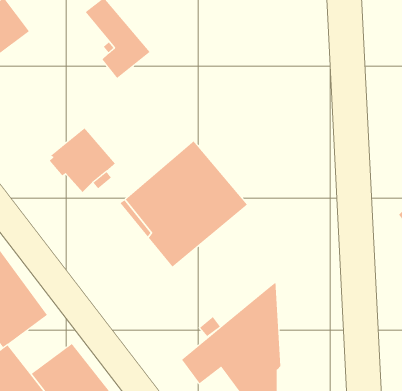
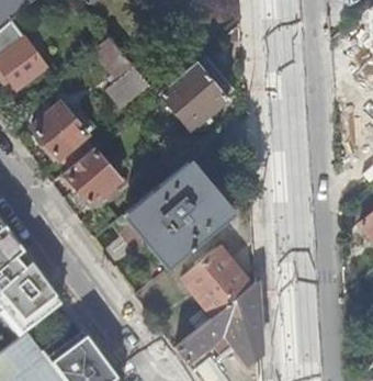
building: none -> [160,60,227,128]
building: none -> [32,102,93,167]
building: none -> [182,246,251,315]

